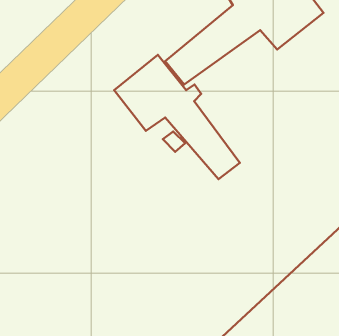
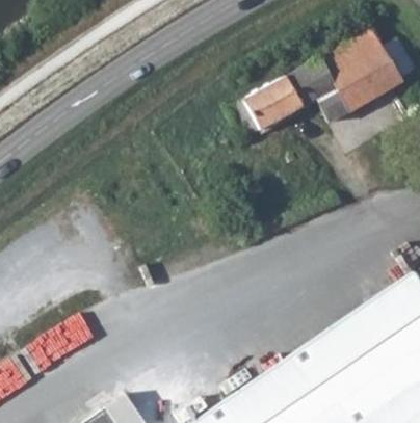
building: [114,55,240,179] -> none

